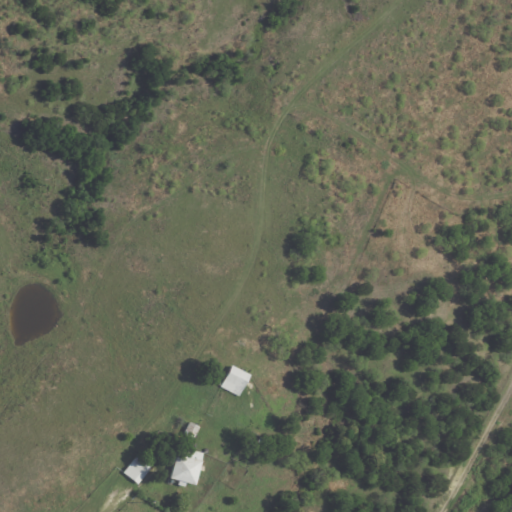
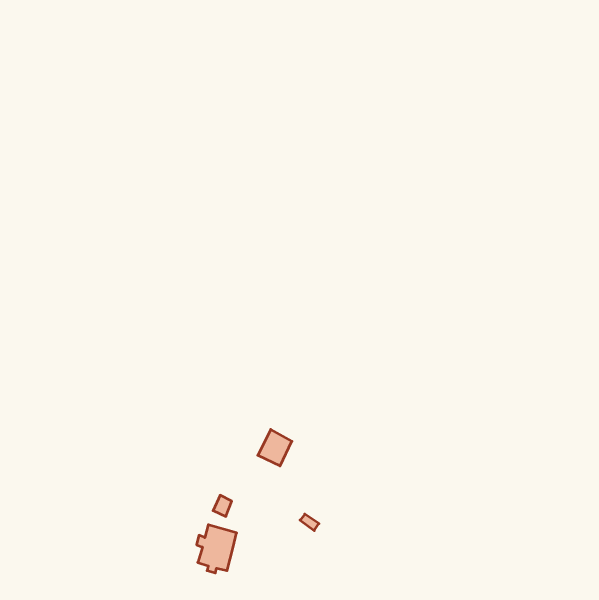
building: [124,457,154,484] -> none

